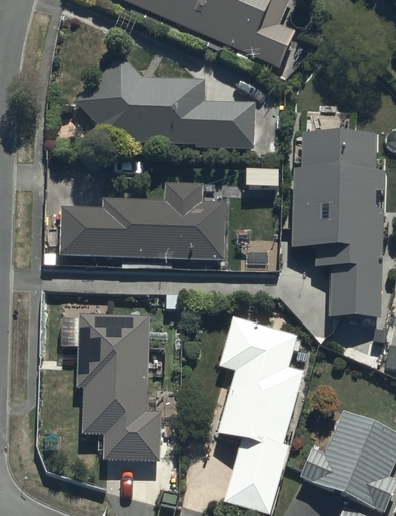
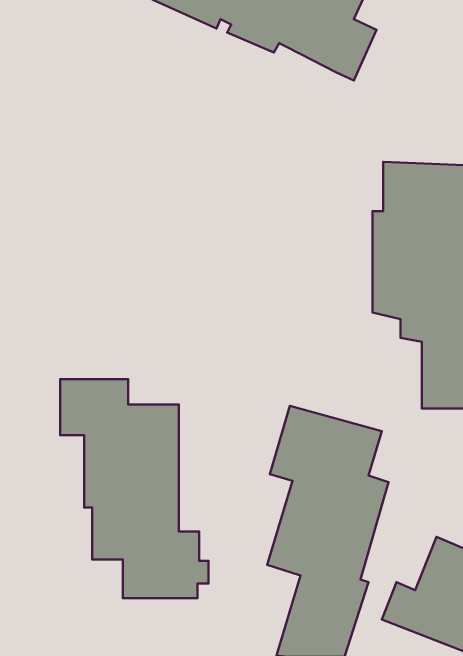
building: [77,54,268,148] -> none
building: [60,185,225,265] -> none

